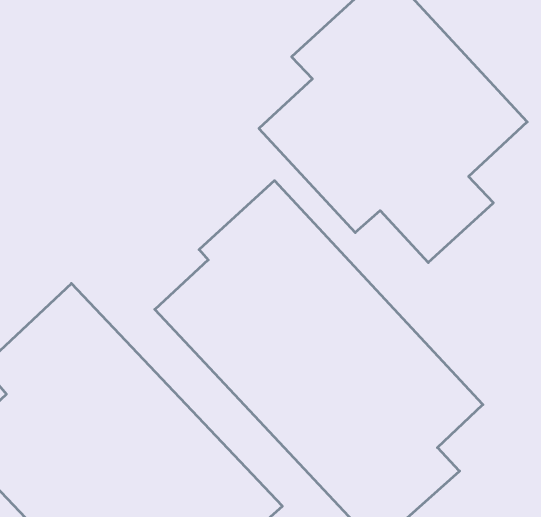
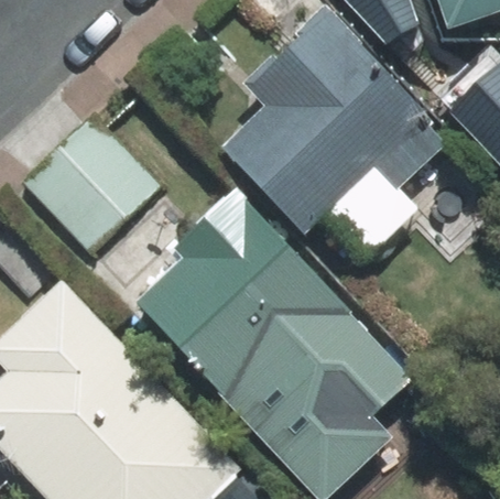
building: none -> [23,120,156,251]

